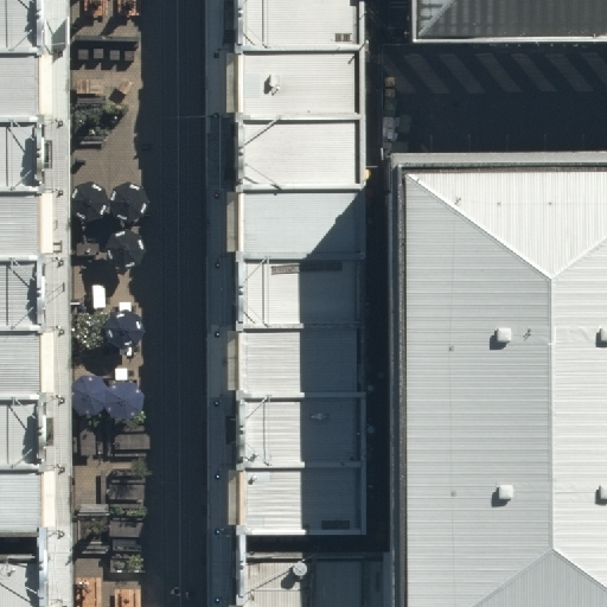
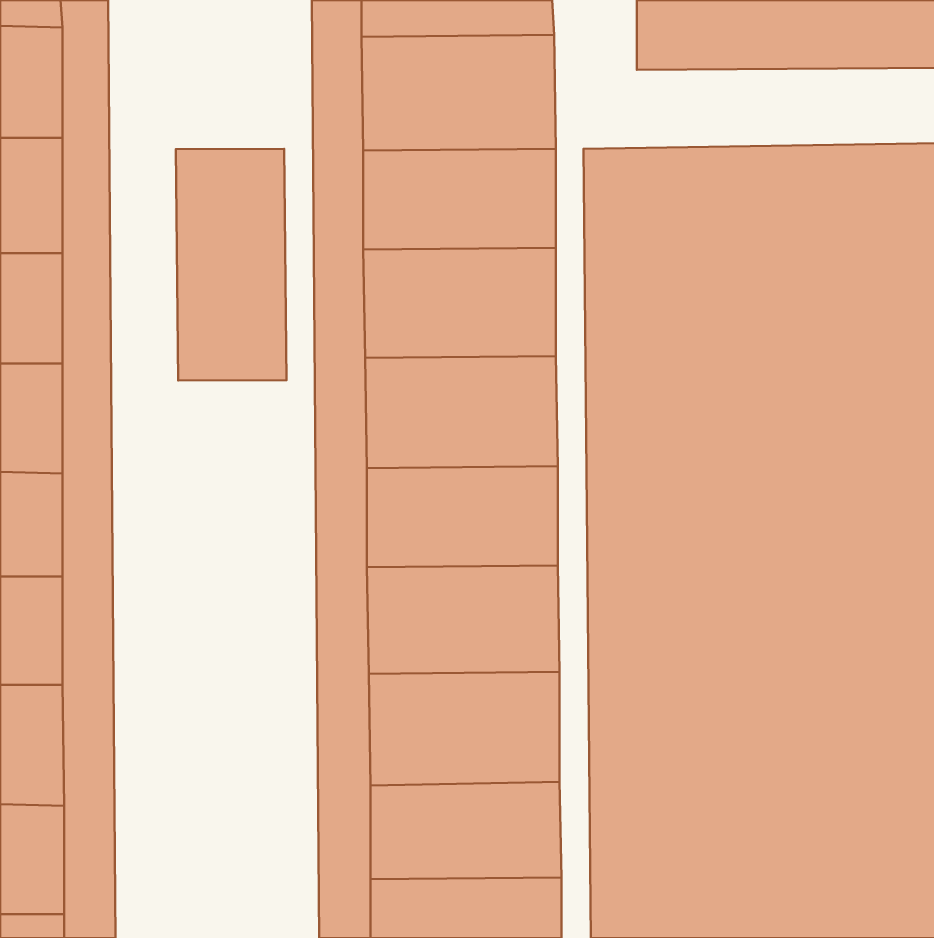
building: none -> [176,149,286,380]

